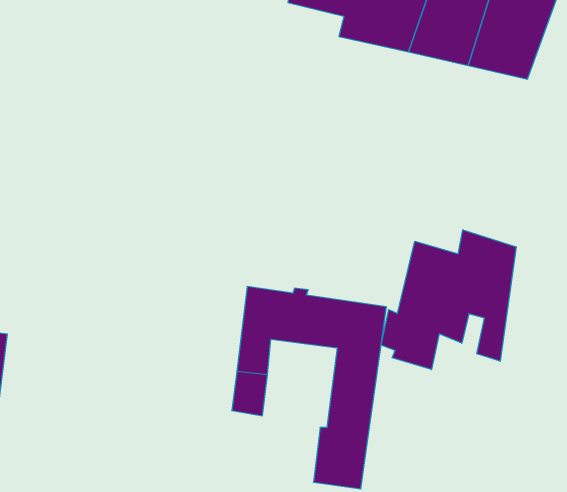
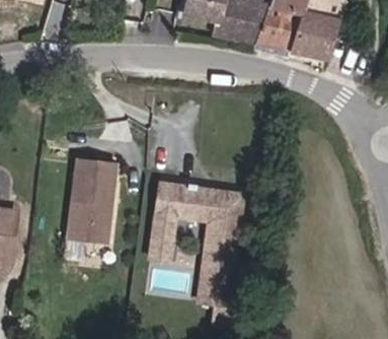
building: [381,230,516,370] -> none
building: none -> [66,158,115,243]

